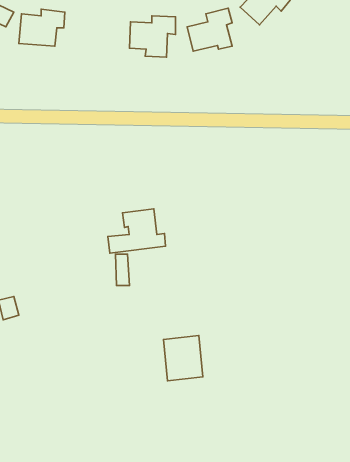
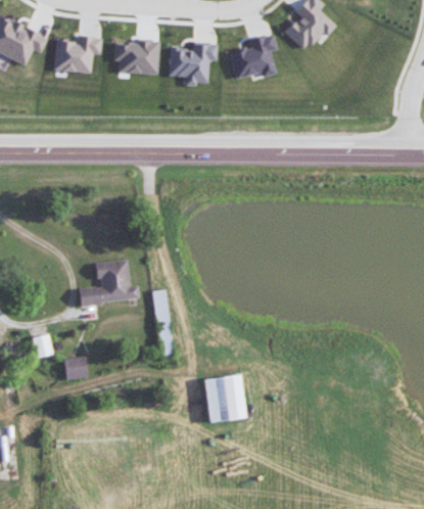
building: none -> [113,41,159,74]
building: [108,209,166,253] -> [79,260,139,306]
building: none -> [63,356,88,379]

